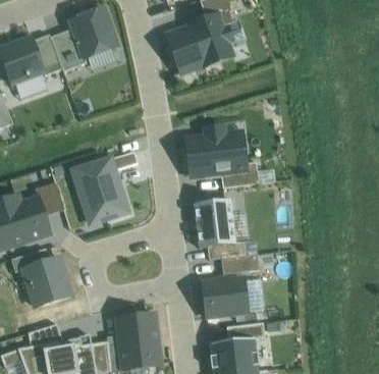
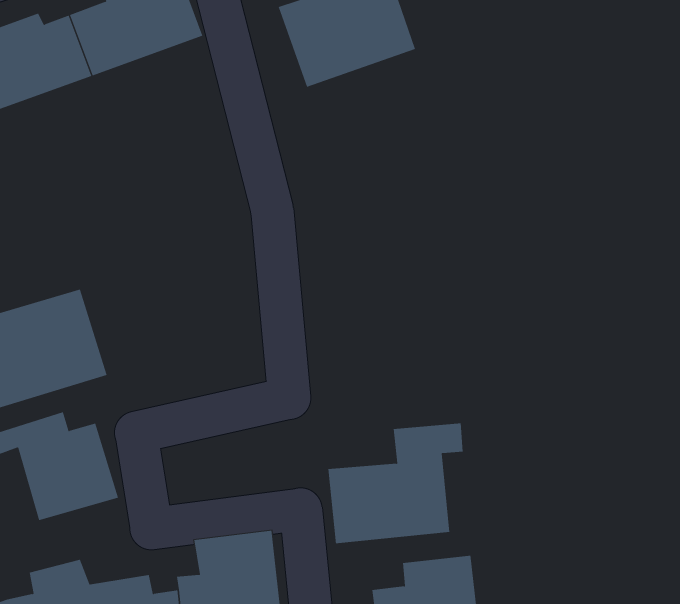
building: [182,125,258,186] -> none
building: [70,150,134,225] -> none
building: [195,200,243,258] -> none

